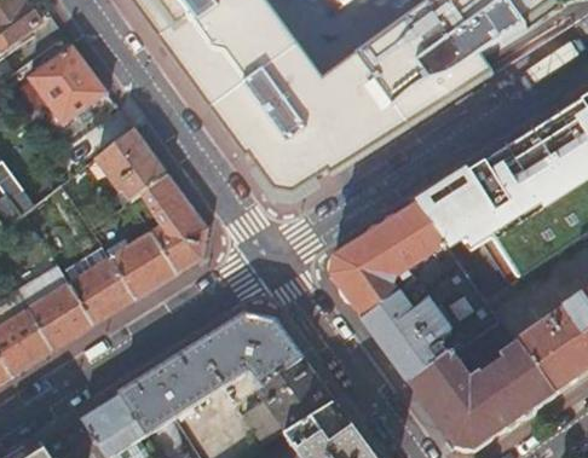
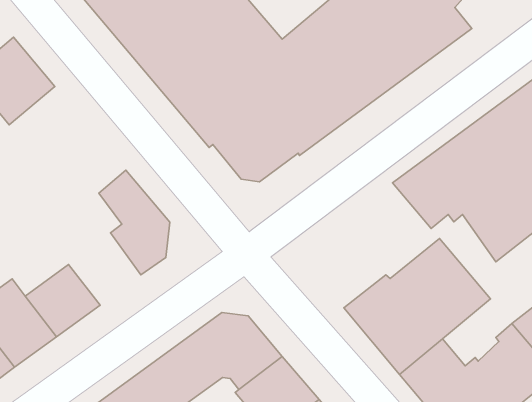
building: [97,127,167,197] -> none
building: [330,203,448,315] -> none
building: [109,231,175,297] -> none

